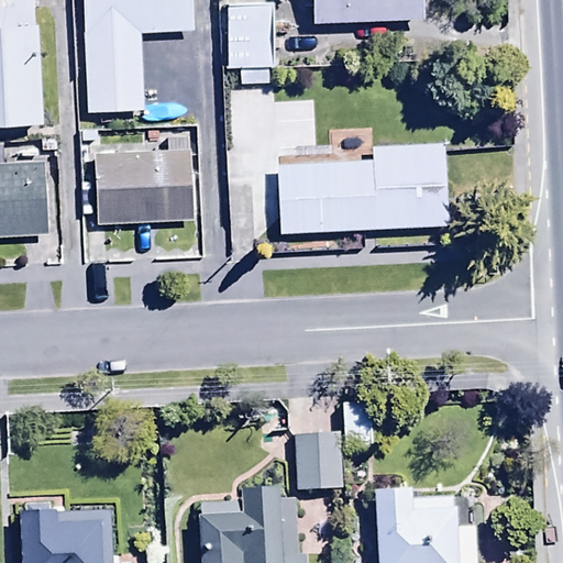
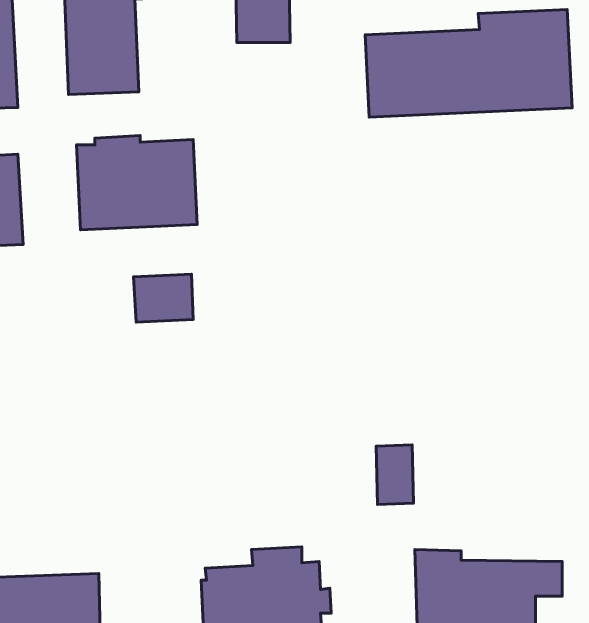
building: [276,144,448,233] -> [365,10,572,117]
building: none -> [133,274,193,322]
building: [295,411,342,494] -> none

